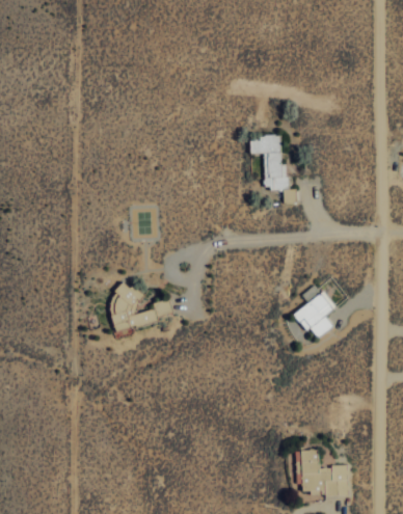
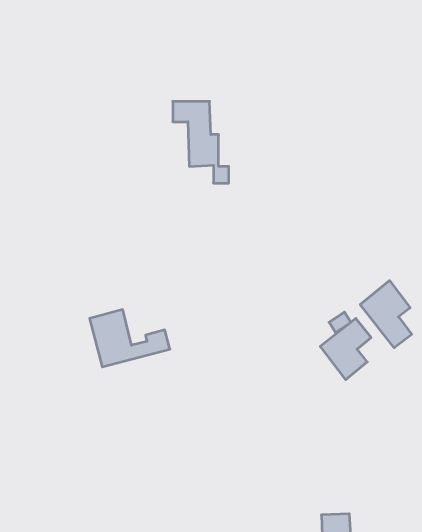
building: [249,137,295,204] -> [173,101,229,183]
building: none -> [360,281,412,348]

